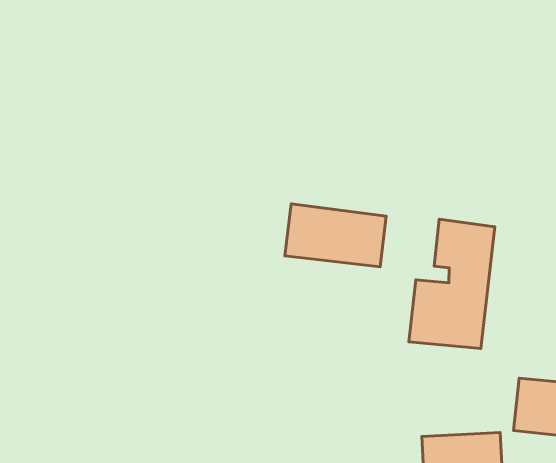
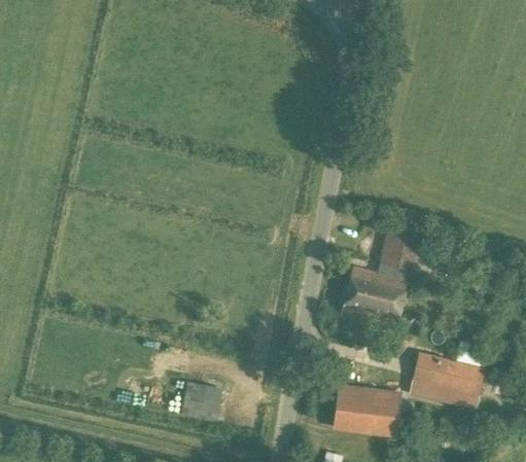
building: [285,204,386,267] -> none

